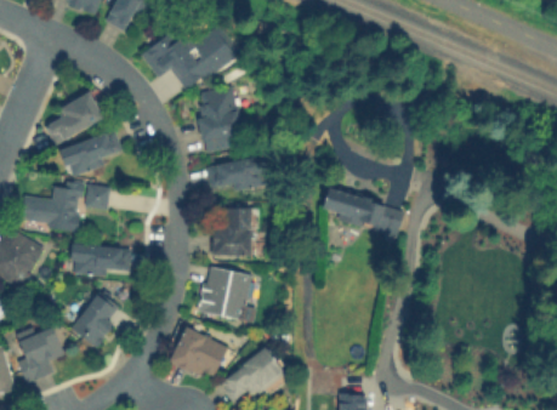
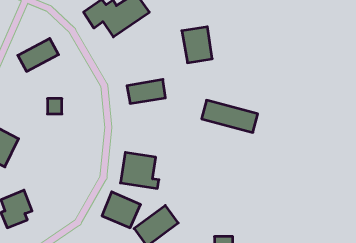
building: [194,87,240,142] -> [182,27,212,63]
building: [58,132,121,177] -> none
building: [21,182,81,233] -> none
building: [211,207,255,256] -> none
building: [69,245,130,277] -> none
building: [76,295,115,343] -> none

